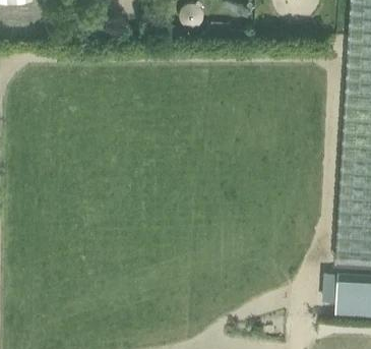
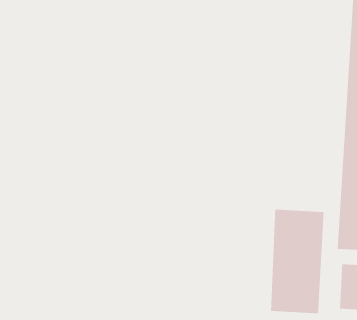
building: none -> [270,209,324,314]

